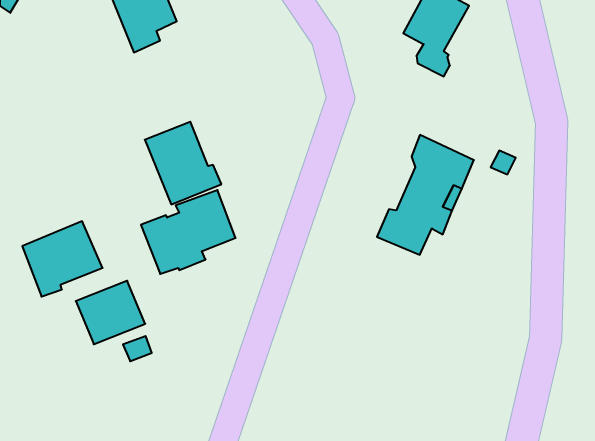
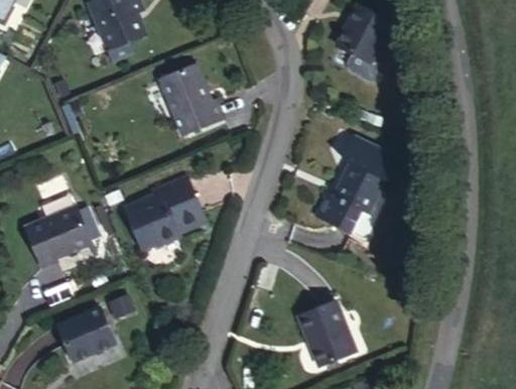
building: [145,122,221,204] -> [157,68,222,137]
building: [76,281,145,344] -> [50,310,109,364]
building: none -> [305,298,362,363]

